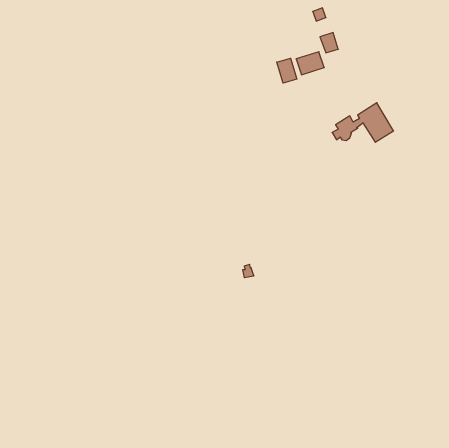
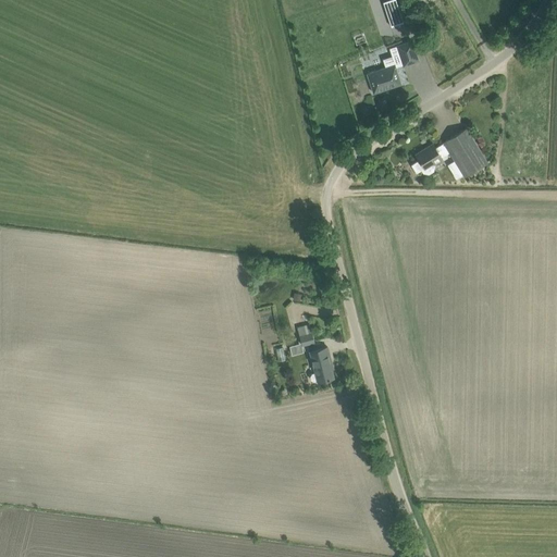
building: [277,58,297,83] -> none
building: none -> [310,348,333,382]

